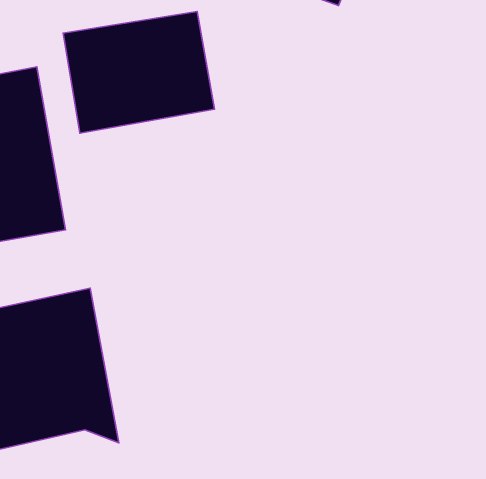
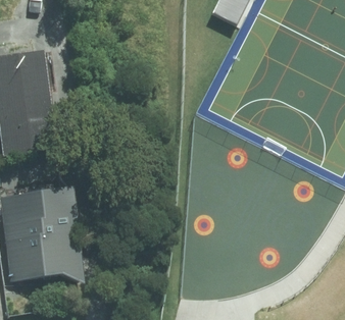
building: [63,11,215,133] -> none

